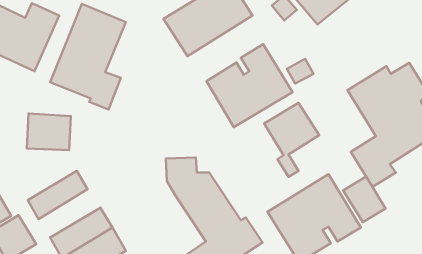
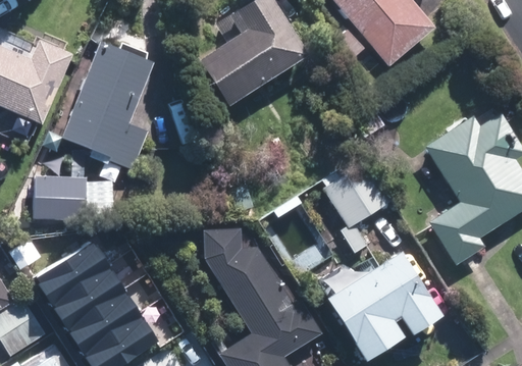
building: [206,44,292,127] -> none
building: [343,177,385,222] -> none
building: none -> [48,267,122,326]

